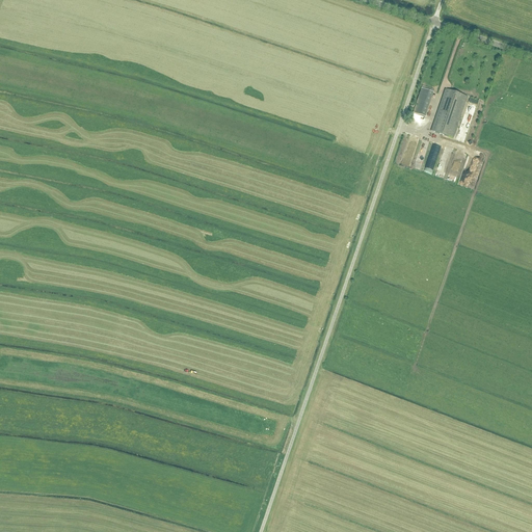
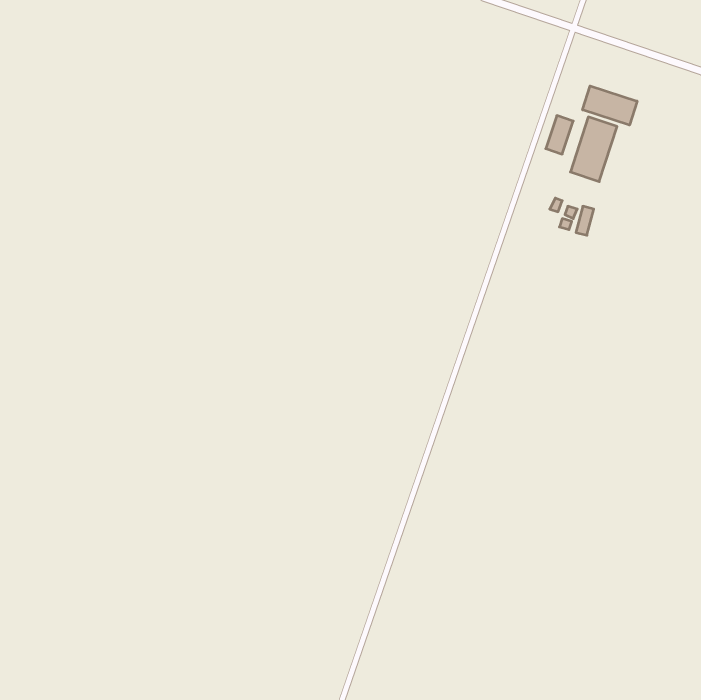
building: none -> [583,86,637,125]

